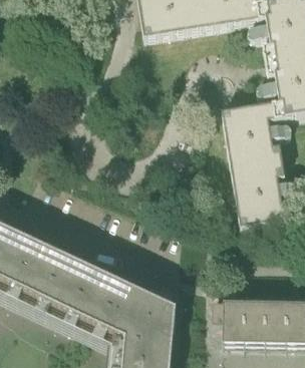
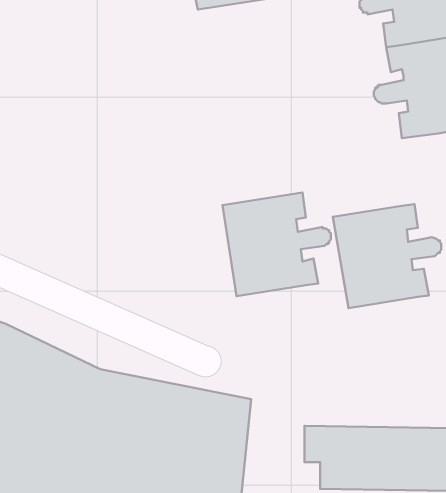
building: [221,101,290,167] -> [222,192,331,296]

